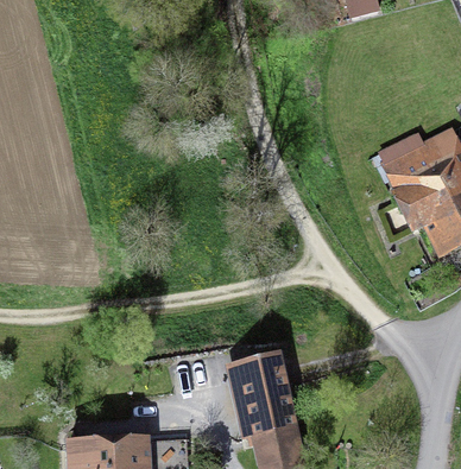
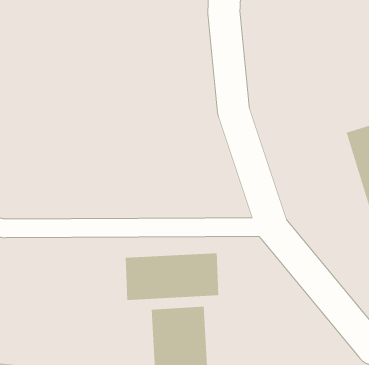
building: none -> [125,252,219,301]

